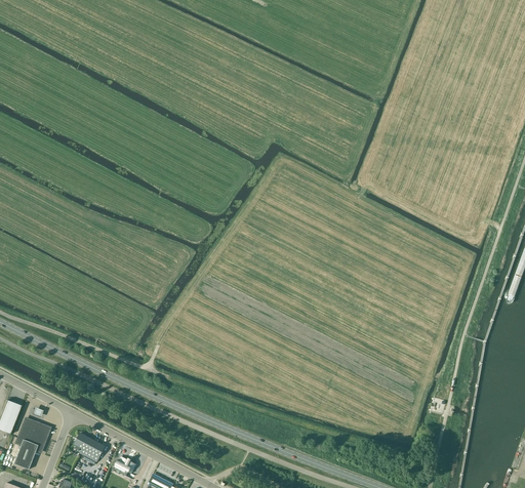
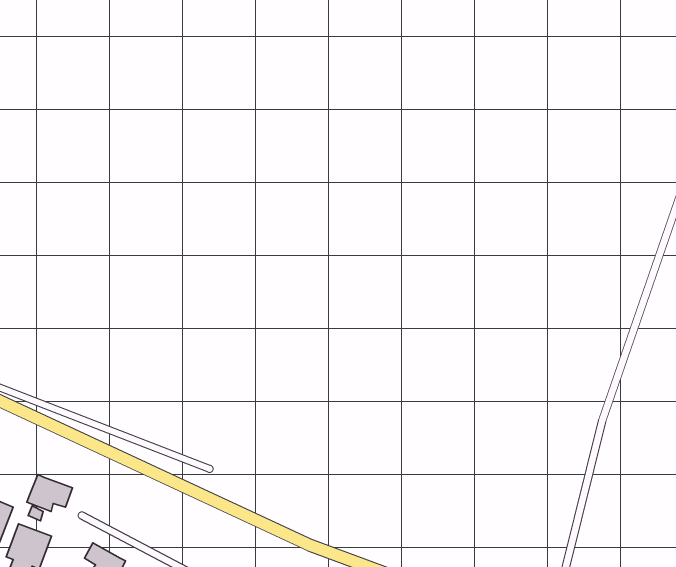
building: none -> [27,475,73,511]

